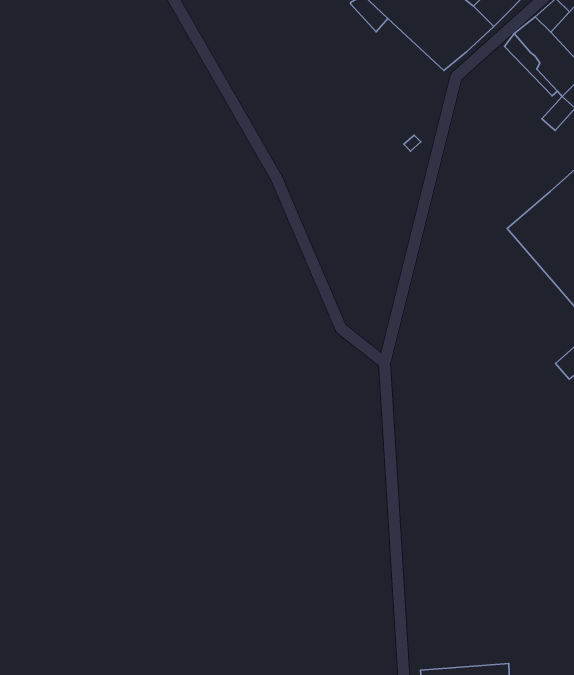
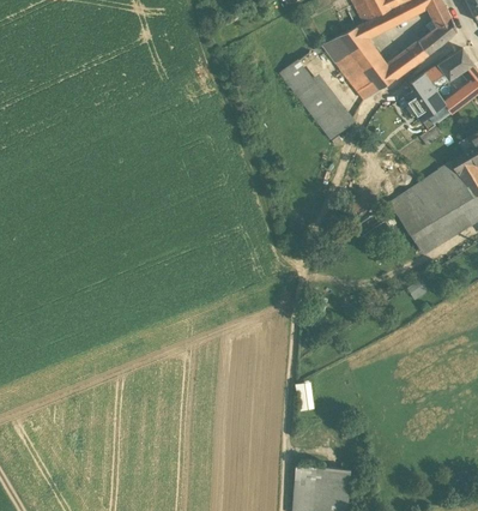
building: none -> [278,56,349,139]

